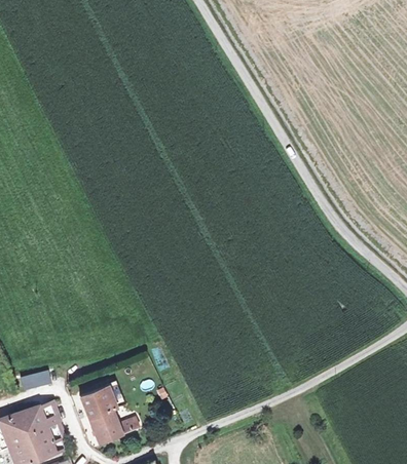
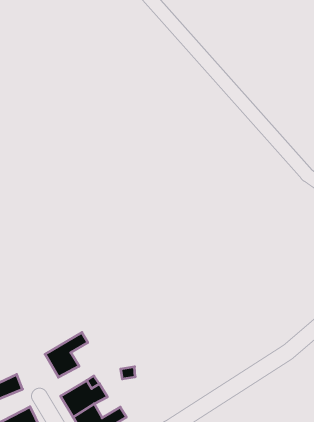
building: none -> [45,332,88,377]

